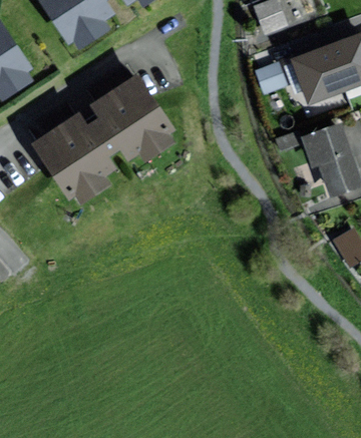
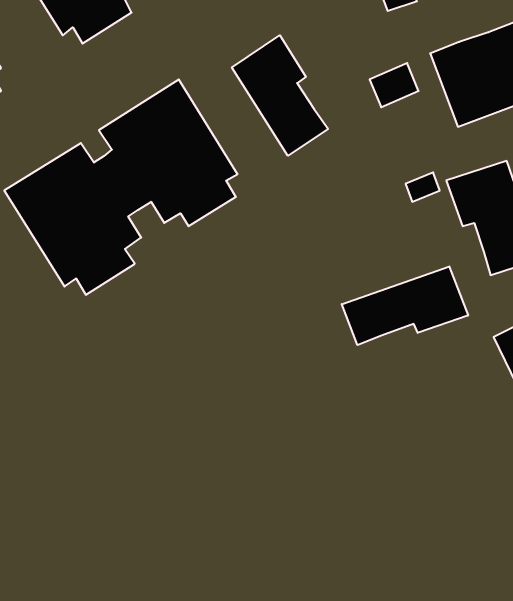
building: none -> [232,35,328,156]
building: none -> [342,266,468,345]

